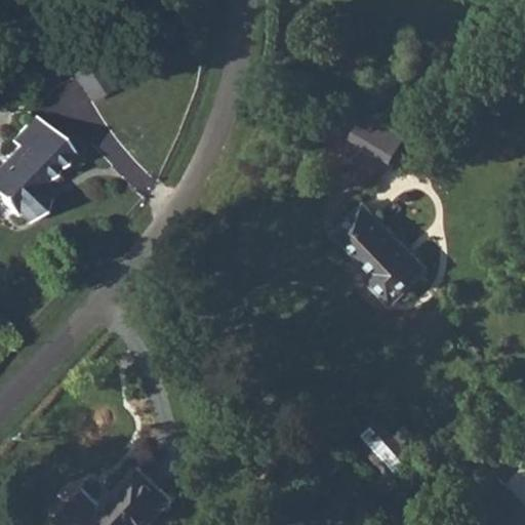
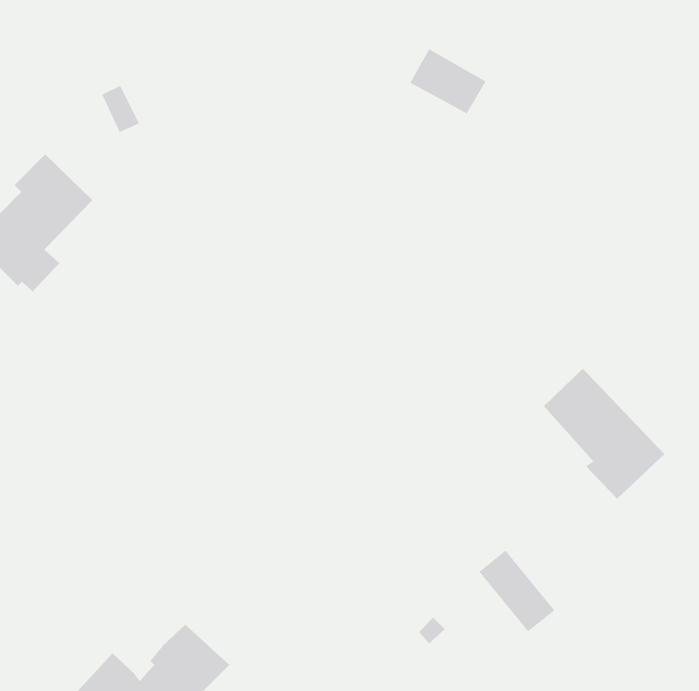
building: [352,117,409,166] -> [410,49,486,114]
building: [336,208,428,307] -> [543,368,665,499]

